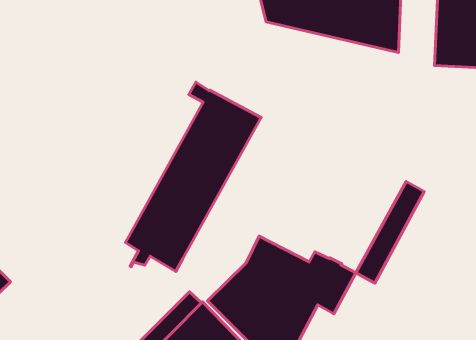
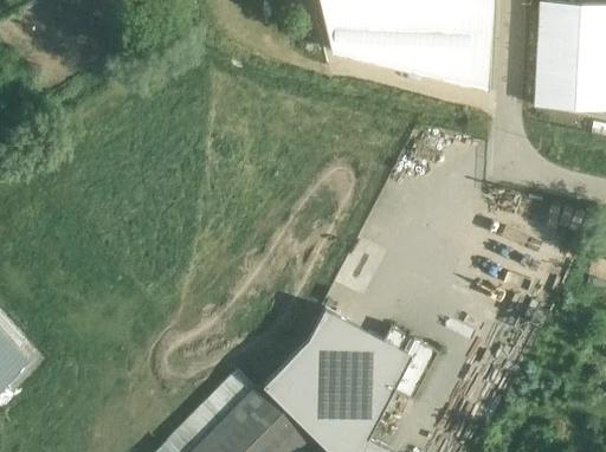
building: [125,82,261,272] -> none
building: [356,181,424,283] -> none

